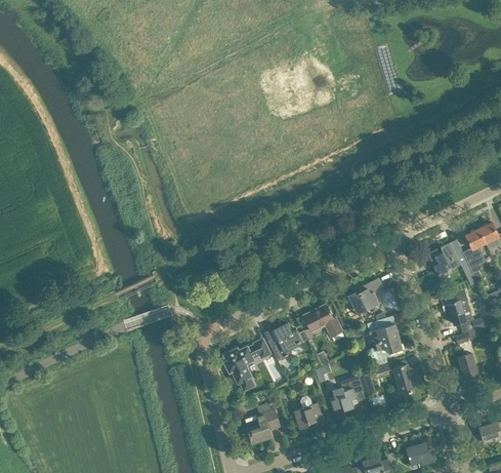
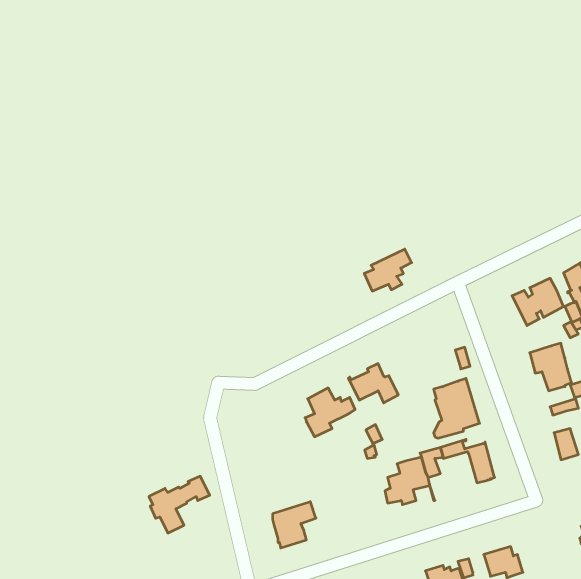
building: [348,278,384,310] -> [364,249,412,291]
building: [224,340,270,383] -> [149,476,210,533]
building: [294,396,324,429] -> none

